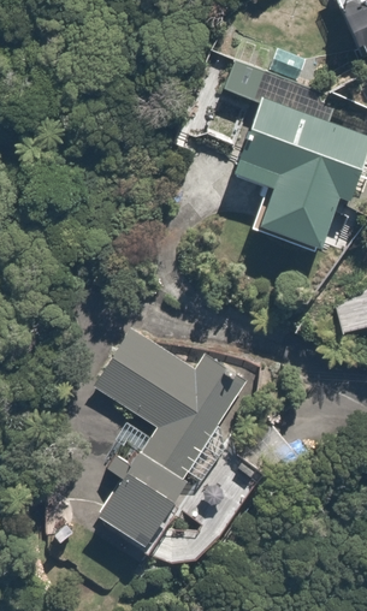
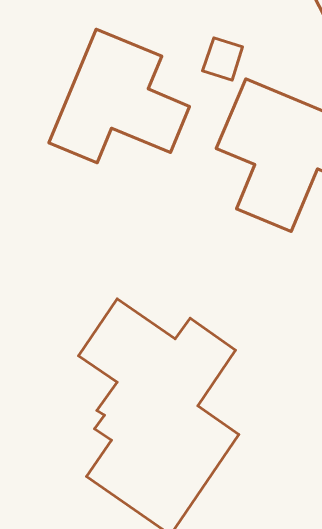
building: none -> [49,29,190,163]

